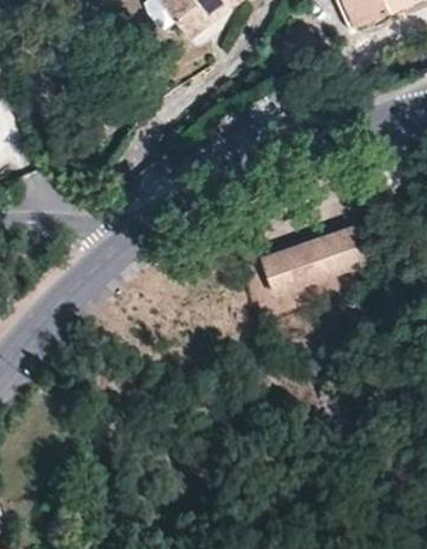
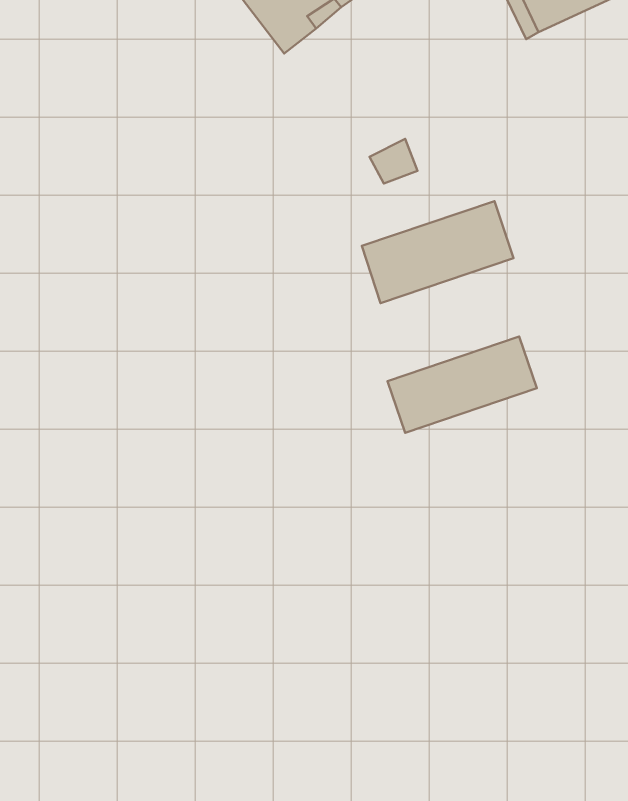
building: none -> [362,201,513,303]

